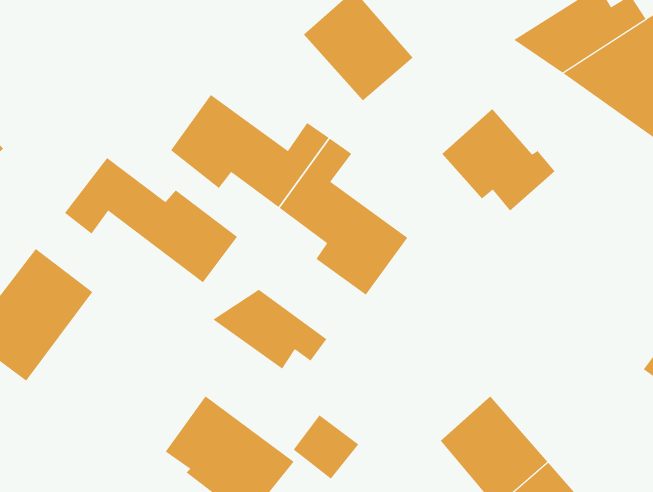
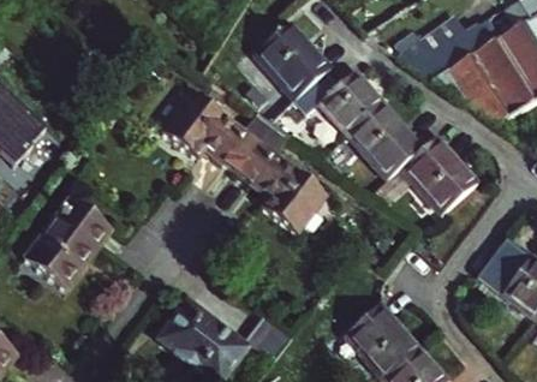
building: none -> [294,71,383,133]
building: [64,157,238,283] -> none
building: none -> [402,138,478,215]
building: [212,289,327,369] -> none

